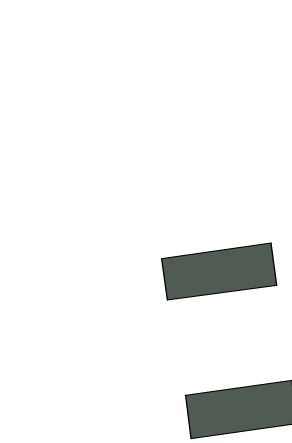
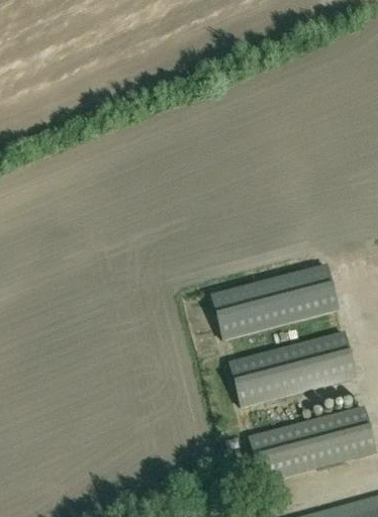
building: none -> [230,331,357,406]

